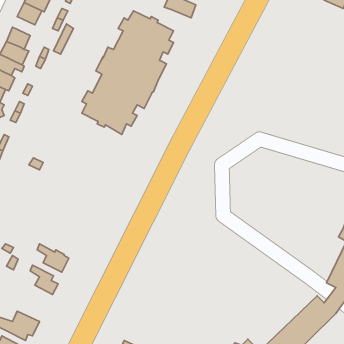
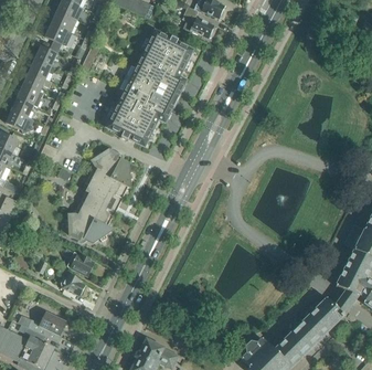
building: none -> [65,149,132,242]

